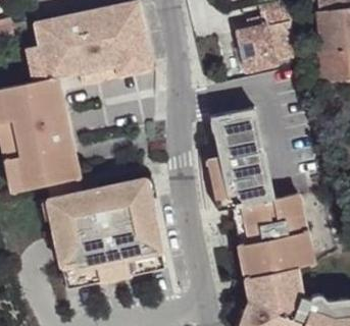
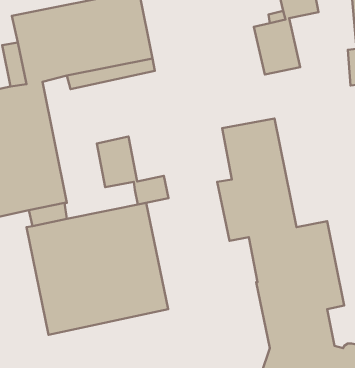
building: none -> [97,137,169,204]

